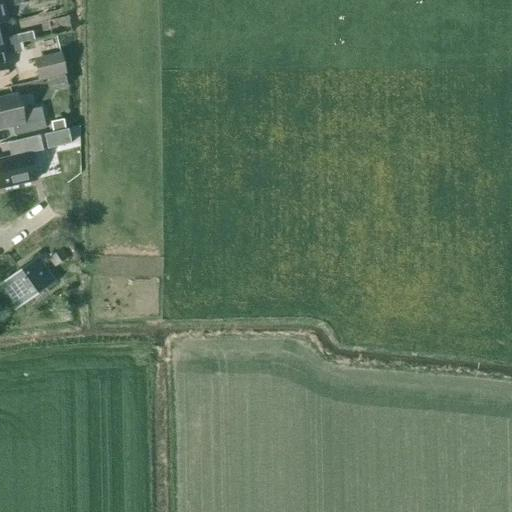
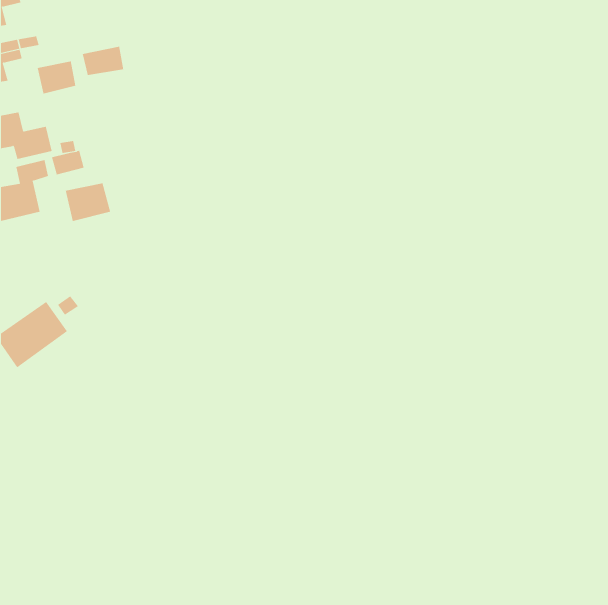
building: none -> [82,46,124,76]
building: none -> [65,182,111,222]

